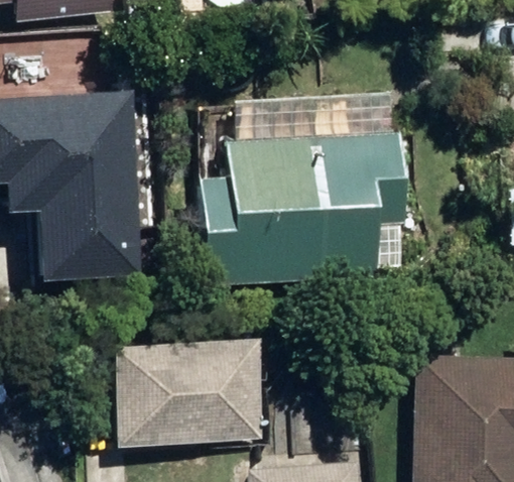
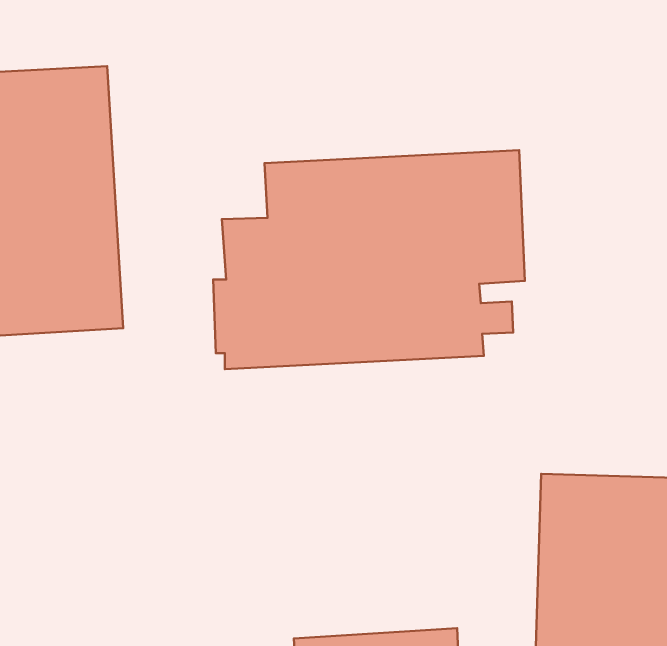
building: [114,340,265,446] -> none

